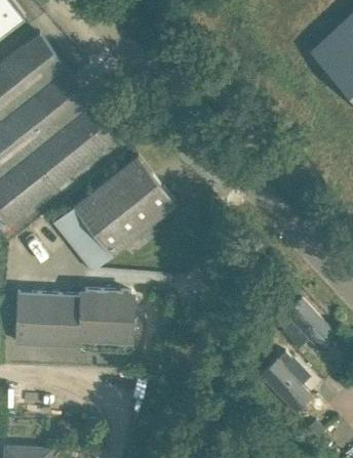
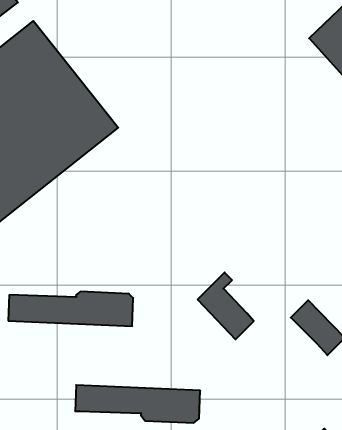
building: [54,157,177,272] -> none
building: [15,319,134,355] -> [75,385,200,423]
building: [260,351,313,415] -> [198,272,254,339]

